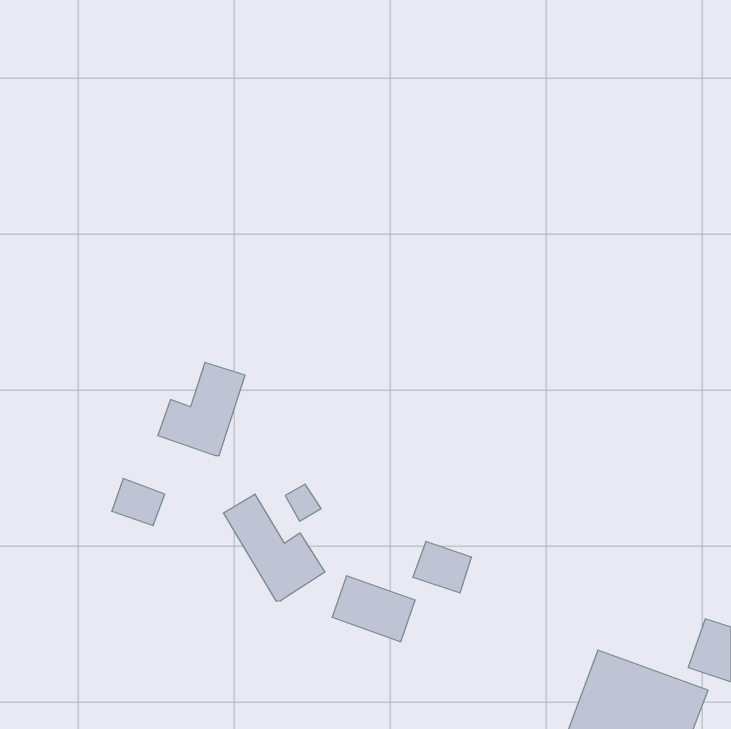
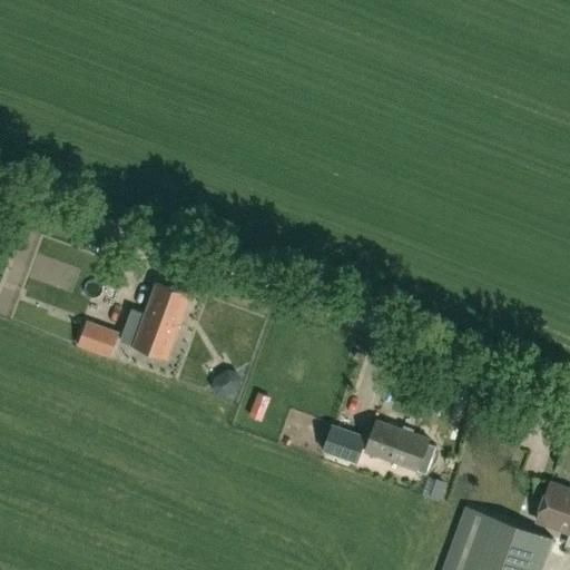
building: [112,478,165,526] -> [78,322,119,358]
building: [223,494,325,601] -> none
building: [332,576,415,642] -> [364,420,429,471]

